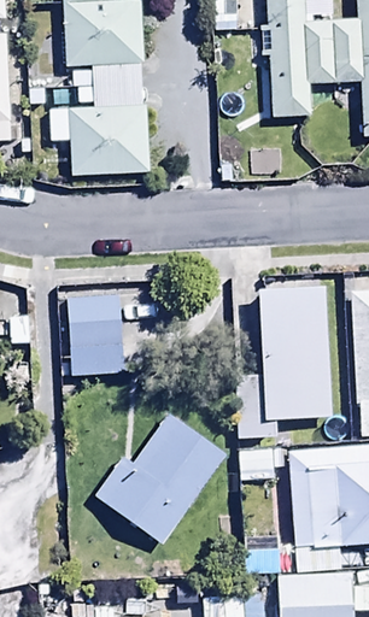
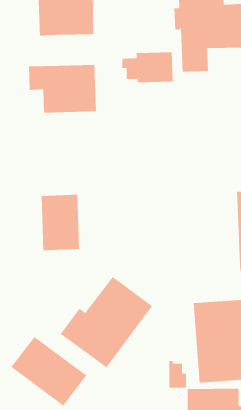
building: [71,63,146,107] -> [122,52,173,83]
building: [235,284,332,437] -> none
building: none -> [10,336,87,406]

